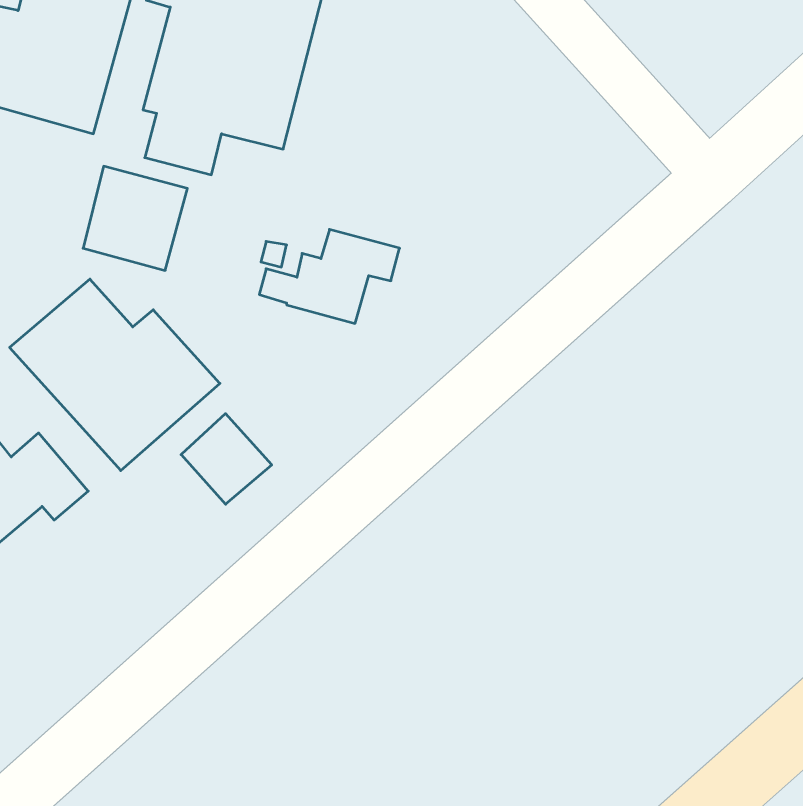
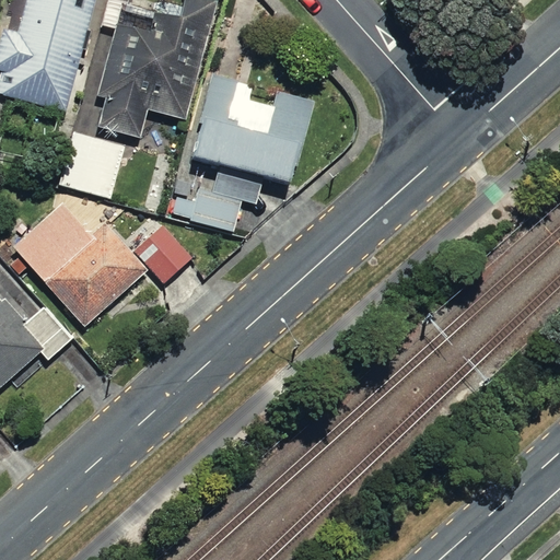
building: none -> [188,73,314,184]
building: [181,414,272,504] -> [133,225,191,283]

